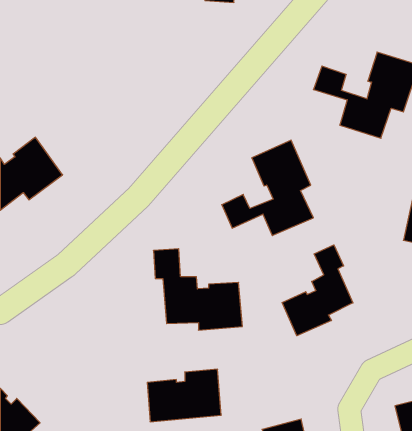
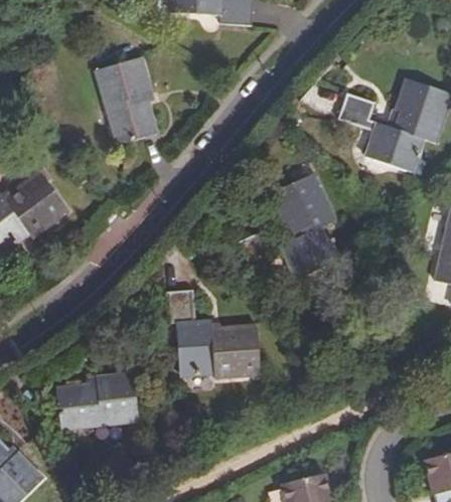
building: none -> [94,56,158,146]
building: [282,245,353,336] -> none
building: [147,369,221,422] -> [57,372,137,429]

